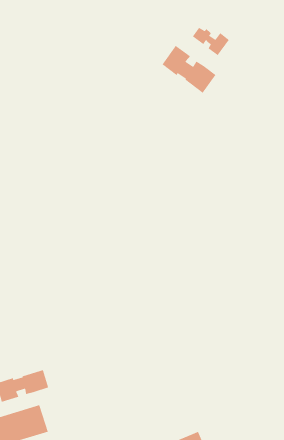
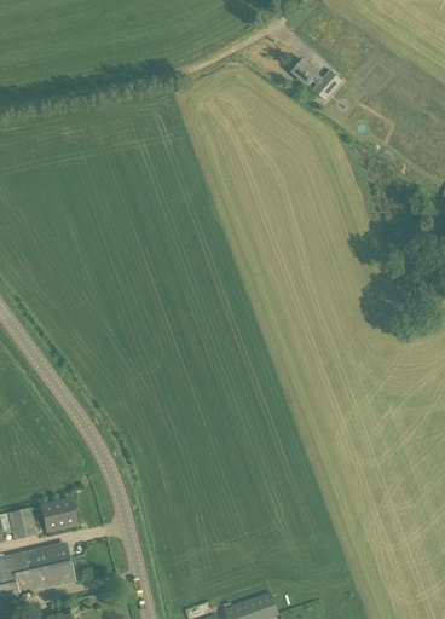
building: [162,45,217,94] -> none

